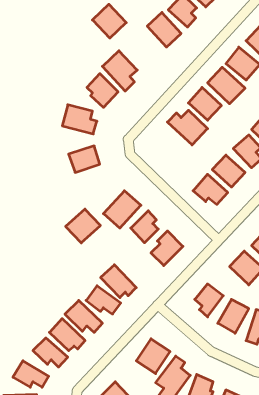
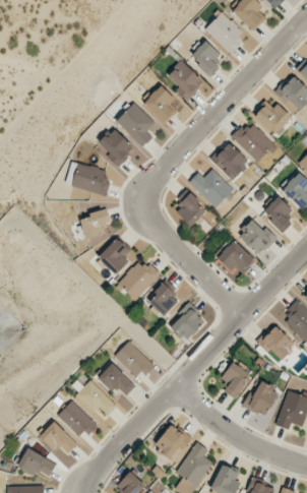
building: [92,4,126,38] -> [142,86,180,124]
building: none -> [175,193,207,225]
building: [66,209,100,243] -> [98,237,136,274]

